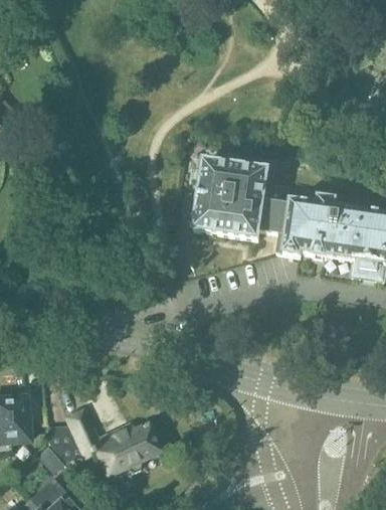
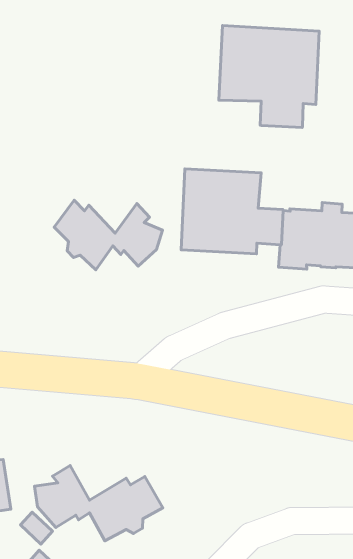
building: none -> [219,26,319,128]
building: none -> [54,200,162,270]

